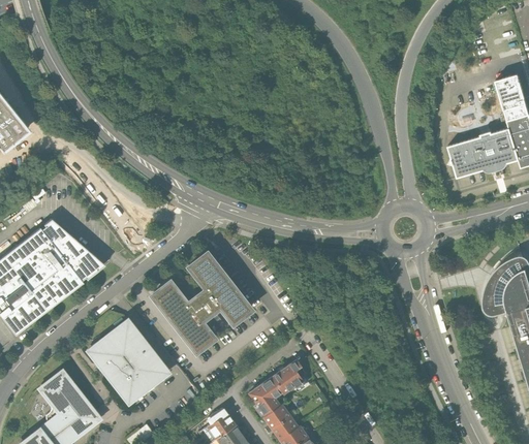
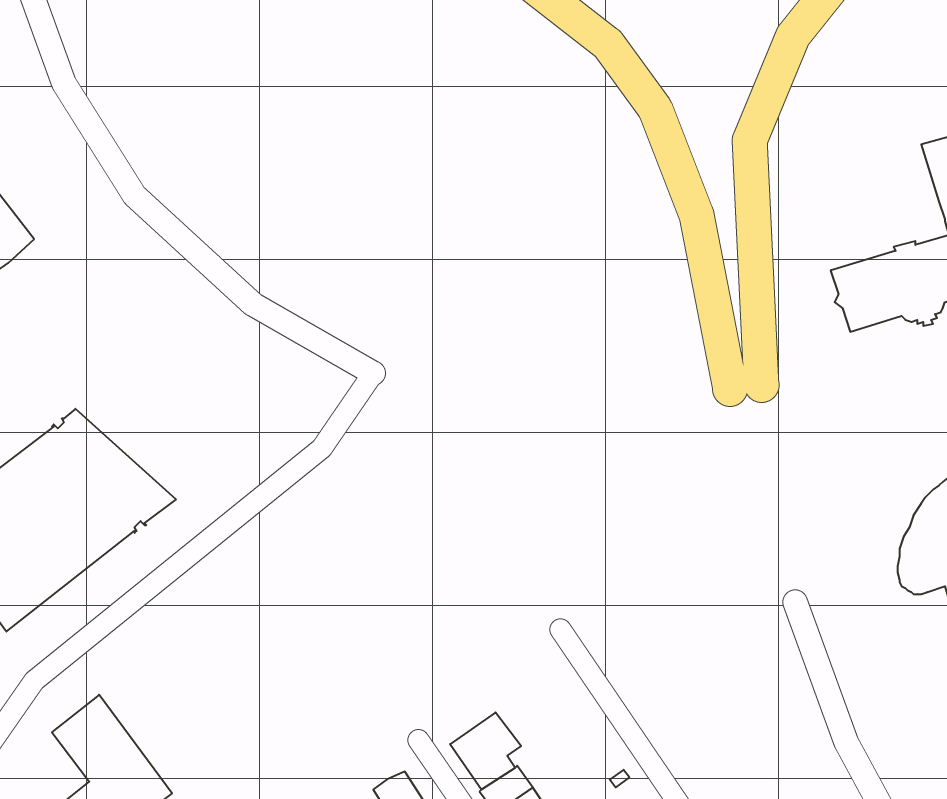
building: [155,254,250,351] -> none
building: [87,318,172,406] -> none
building: [272,360,306,395] -> none

